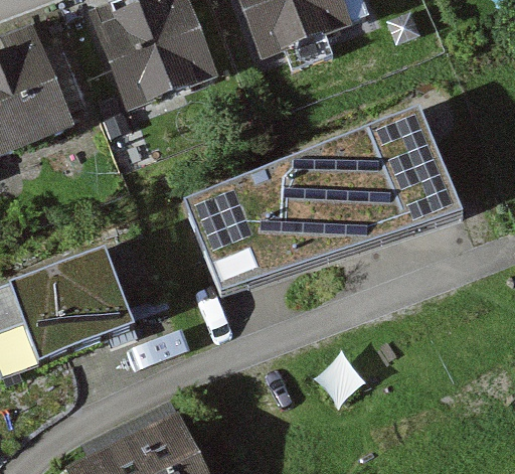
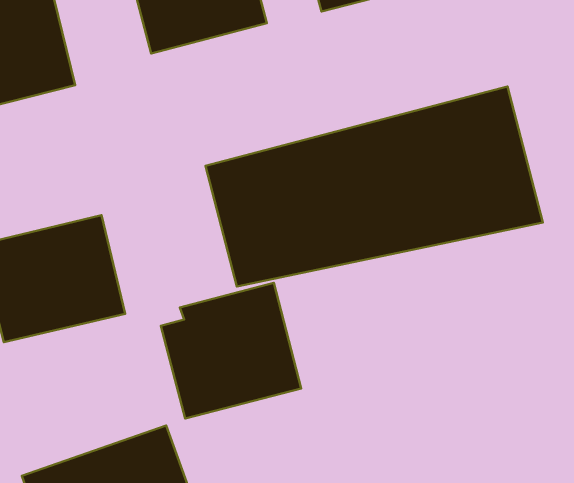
building: none -> [161,283,301,418]

